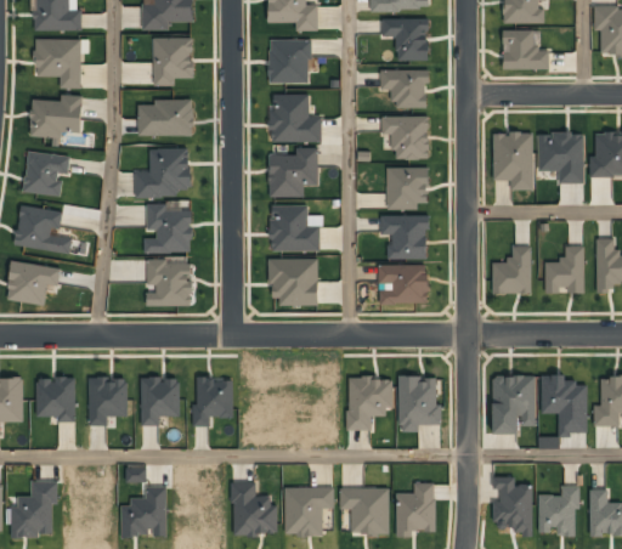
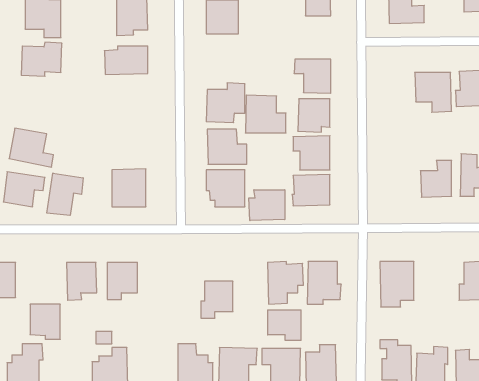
building: [380,69,428,109] -> none
building: [270,94,322,142] -> [245,95,286,133]
building: [493,132,533,191] -> none
building: [134,148,190,198] -> none
building: [23,152,70,197] -> none
building: [143,202,192,254] -> none
building: [492,247,532,295] -> none
building: none -> [47,173,83,215]
building: none -> [249,190,285,221]
building: [541,375,588,438] -> none
building: [36,378,75,423] -> [30,304,60,339]
building: [192,379,233,426] -> [201,281,233,318]
building: none -> [268,310,301,340]

